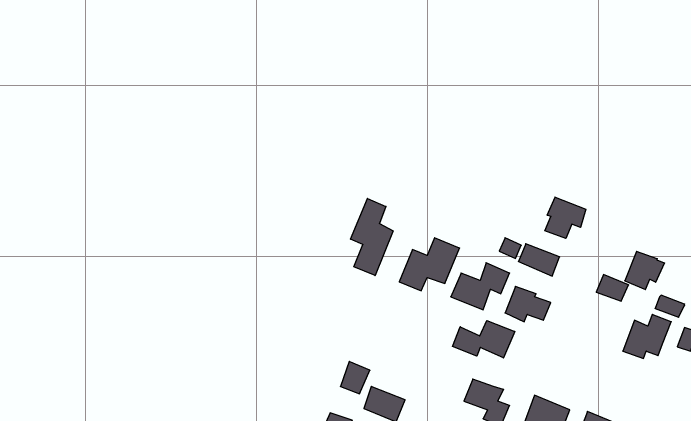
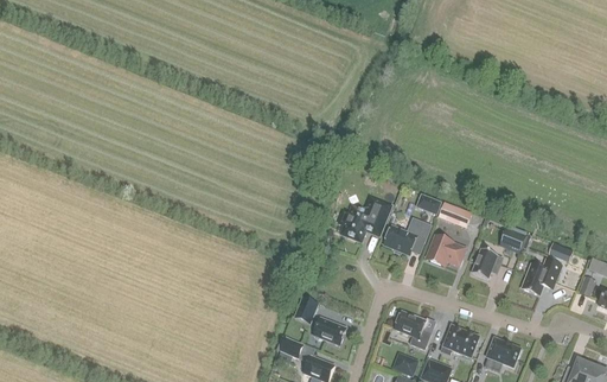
building: [545,197,586,238] -> none
building: [351,198,393,276] -> none
building: [625,251,665,290] -> [472,248,504,279]
building: [453,321,515,358] -> none

